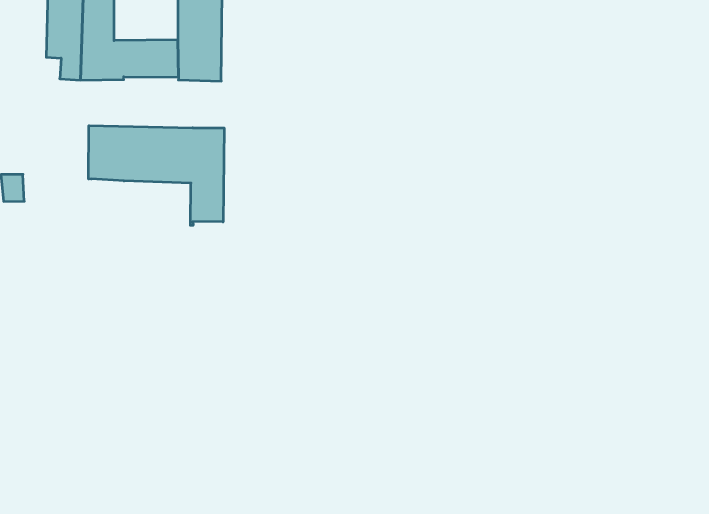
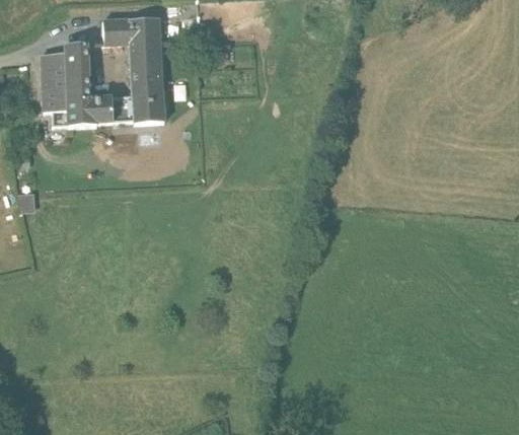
building: [89,126,224,225] -> none

